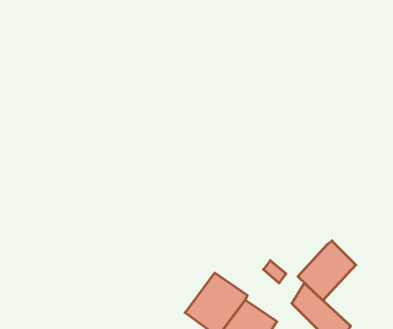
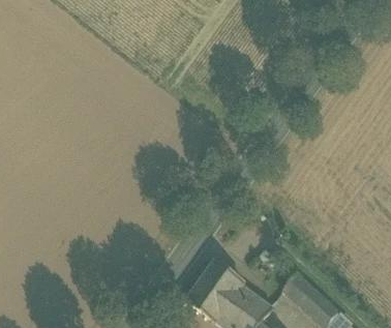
building: [298,241,356,300] -> none

